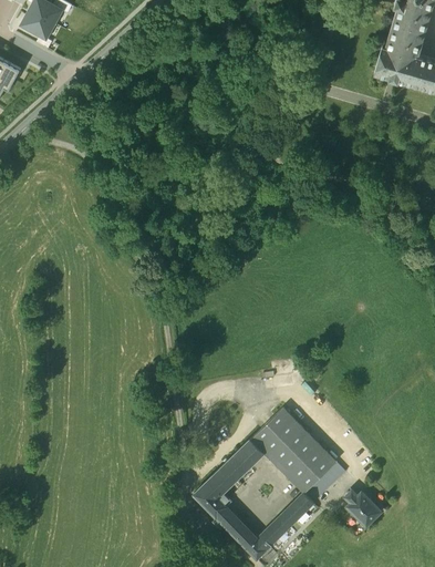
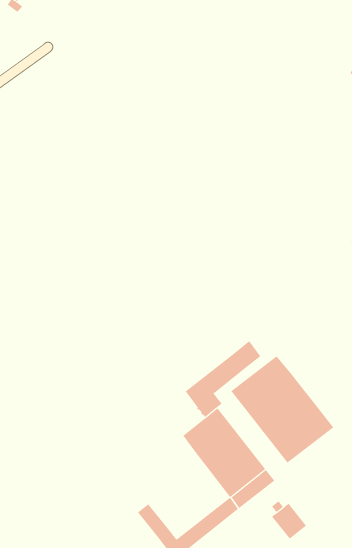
building: none -> [230,356,334,464]
building: [194,439,263,517] -> [185,341,261,418]

